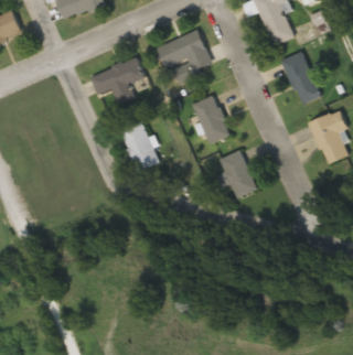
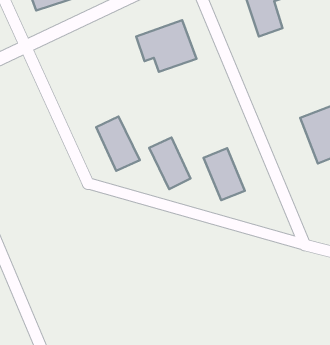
building: [280,51,322,106] -> none
building: [88,57,142,103] -> none
building: [191,95,229,143] -> [149,137,191,189]

